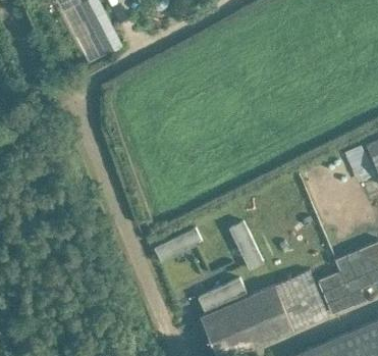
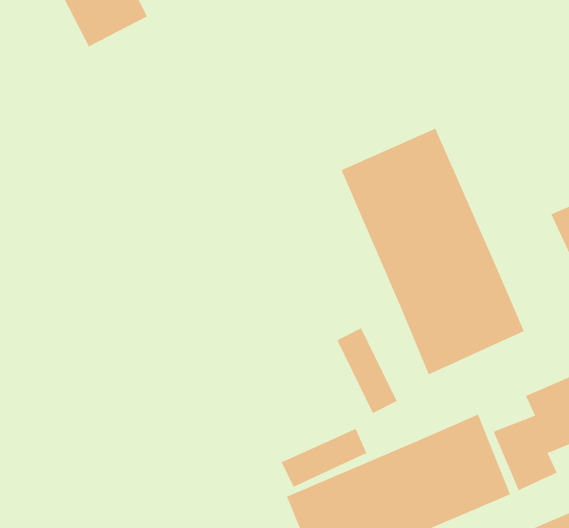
building: none -> [341,128,525,375]
building: [154,227,203,262] -> none

